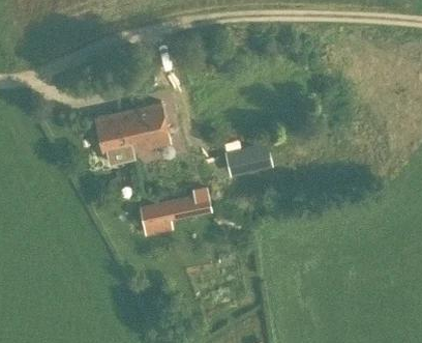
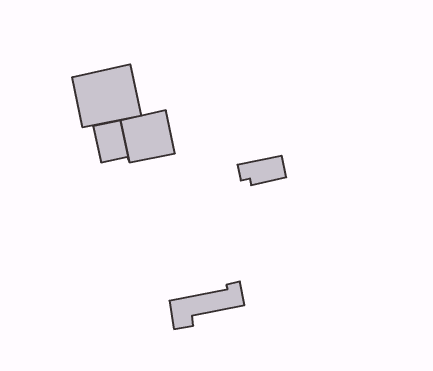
building: none -> [72,64,141,127]
building: [142,191,210,234] -> [169,281,244,329]

